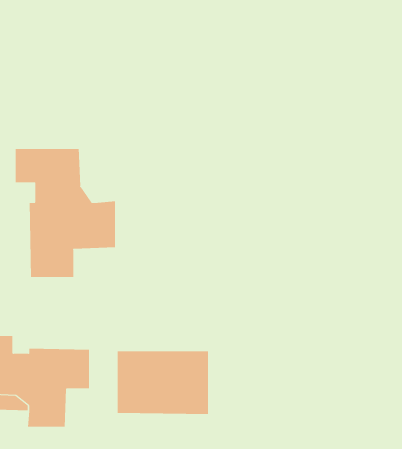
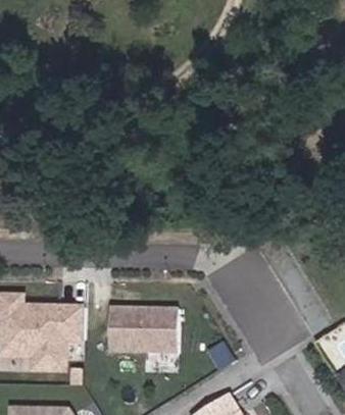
building: [15,148,116,278] -> none

